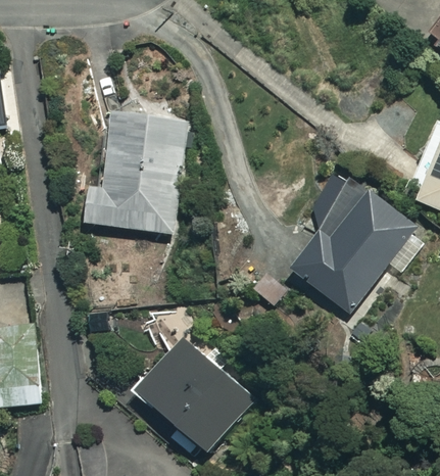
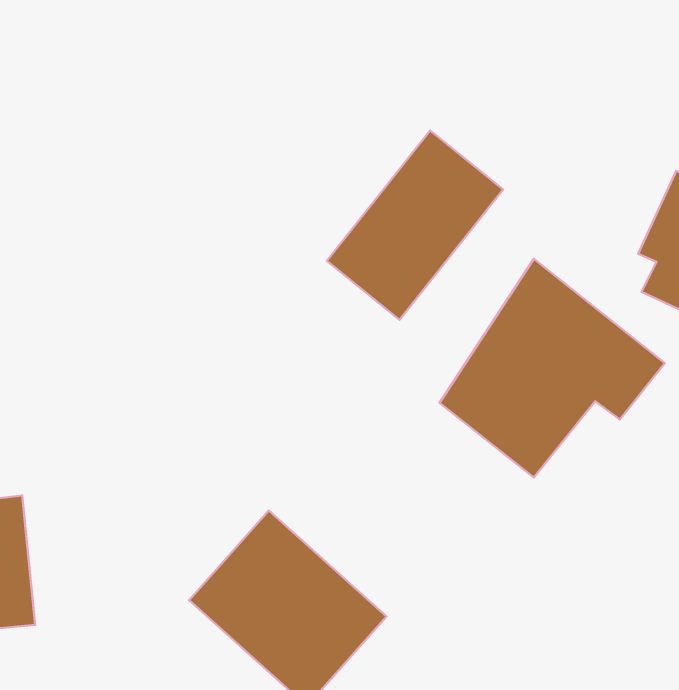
building: none -> [327,131,503,320]
building: [83,109,190,235] -> none

